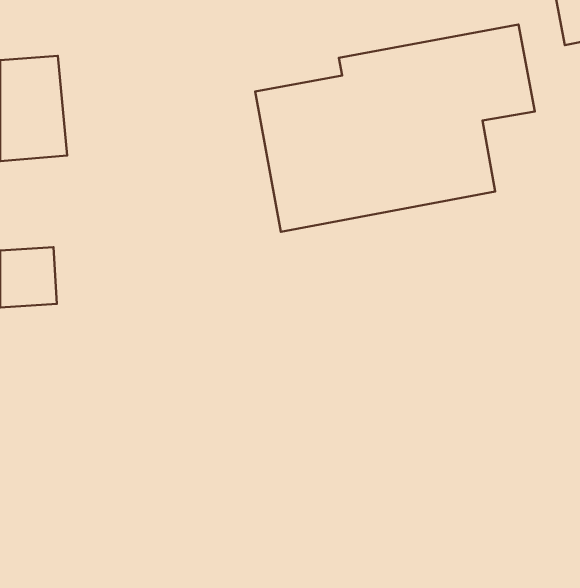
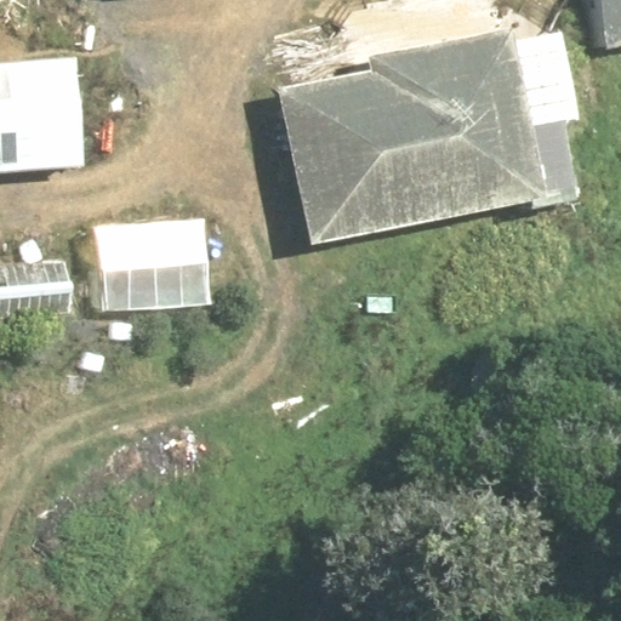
building: none -> [97,216,207,310]

